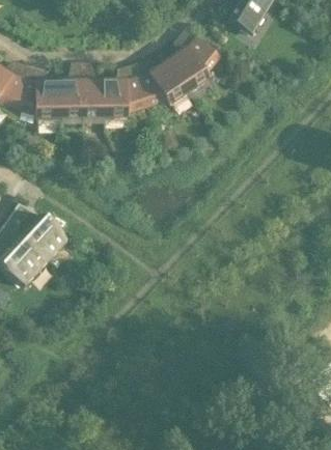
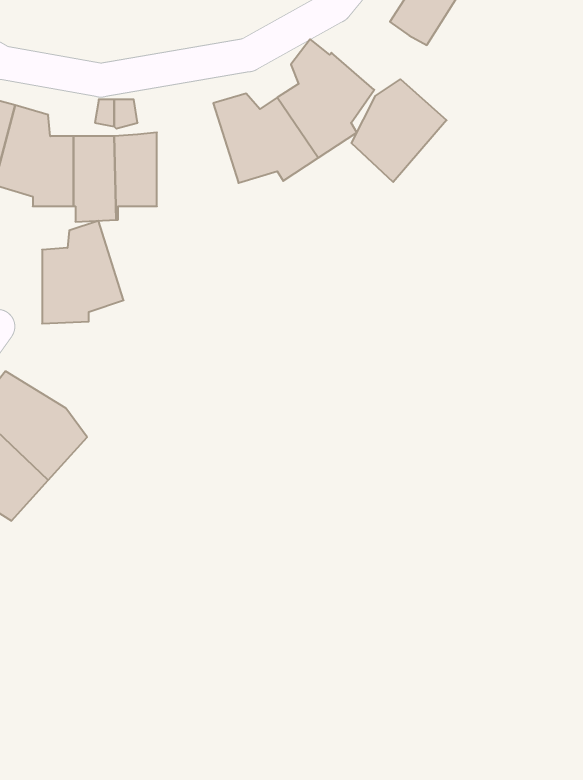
building: none -> [351,79,447,182]
building: [103,62,146,117] -> [42,221,124,324]

